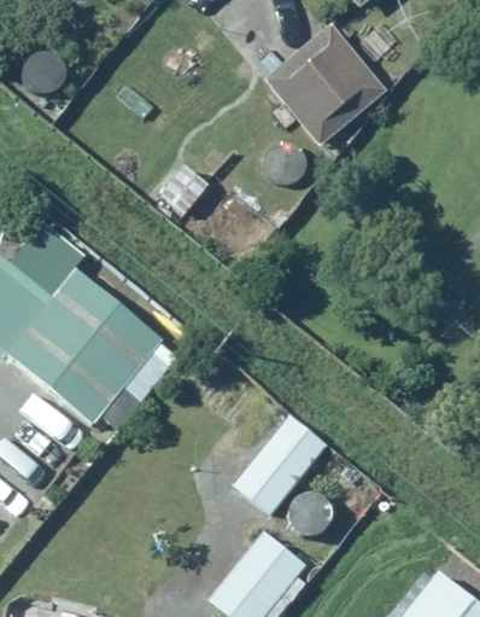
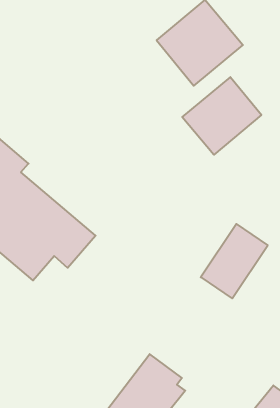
building: none -> [182,77,261,155]
building: [230,411,326,517] -> [201,224,268,298]

